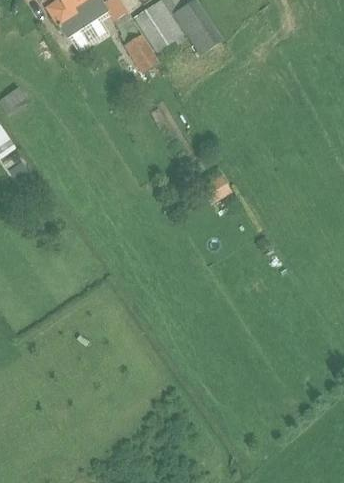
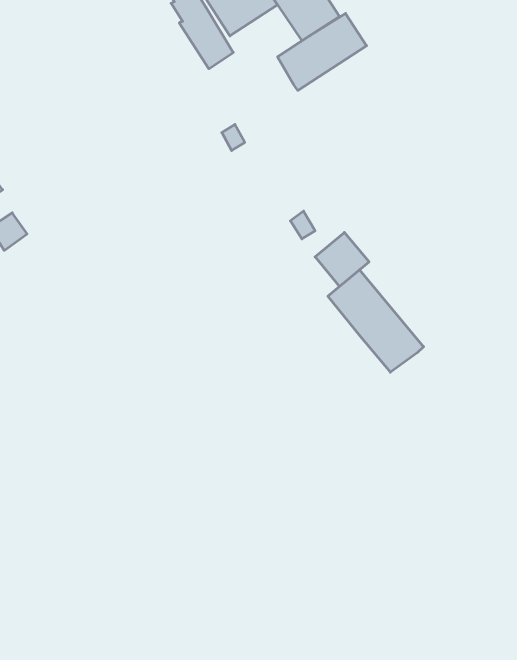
building: none -> [278,13,367,90]
building: none -> [328,270,424,372]

